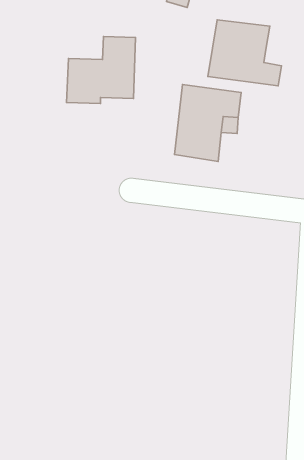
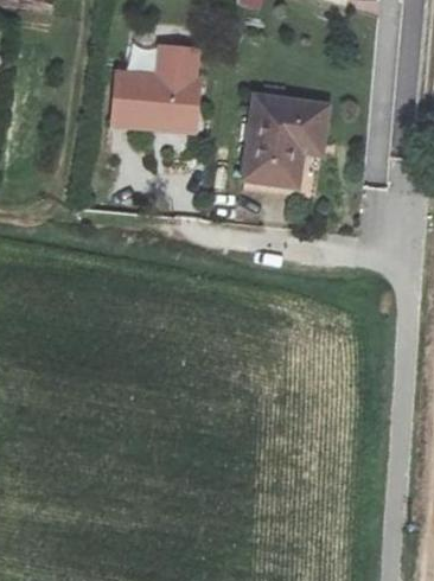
building: [208,20,281,86] -> none

